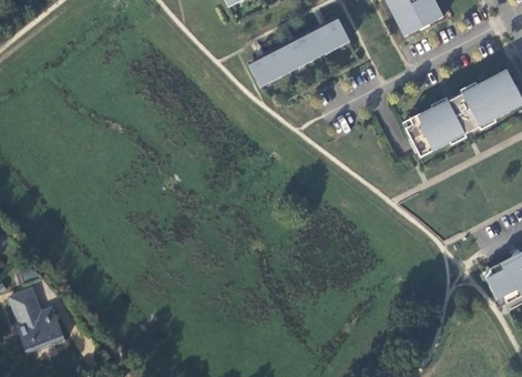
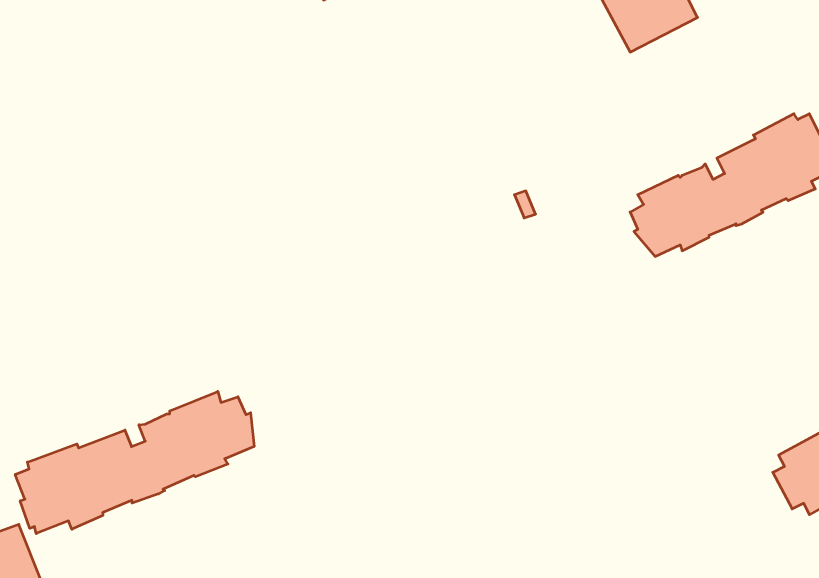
building: [249,18,350,86] -> none
building: none -> [15,391,254,534]

